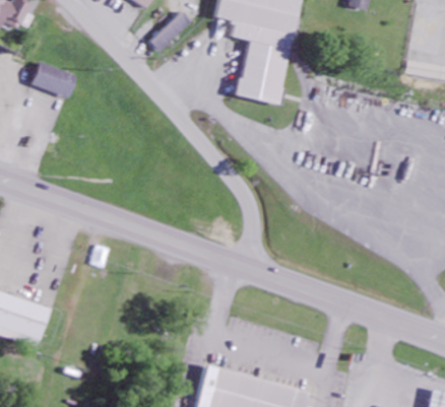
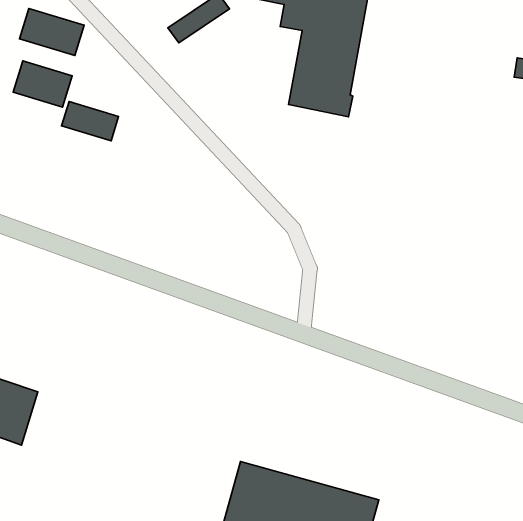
building: none -> [20,8,84,56]
building: none -> [62,101,119,141]

